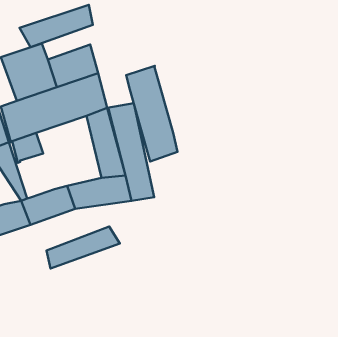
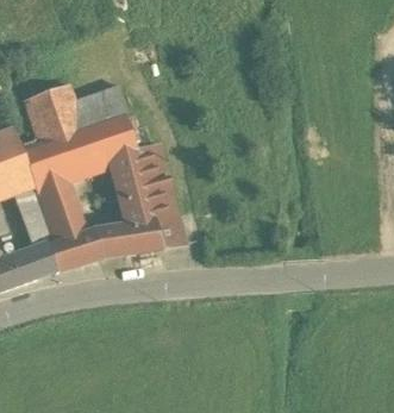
building: [20,5,93,47] -> none
building: [126,66,177,162] -> none
building: none -> [46,198,82,243]
building: [47,226,120,269] -> none

